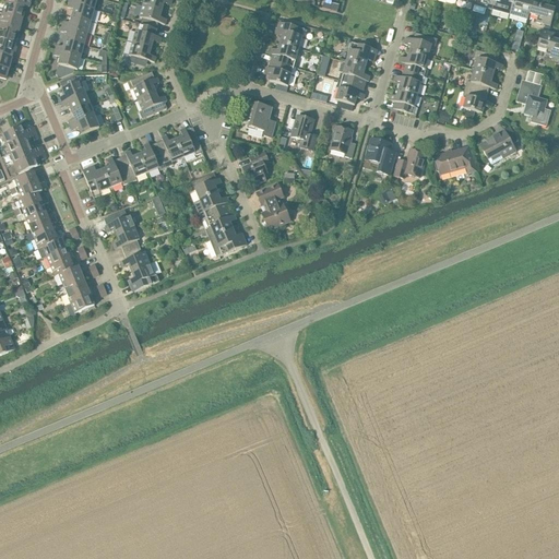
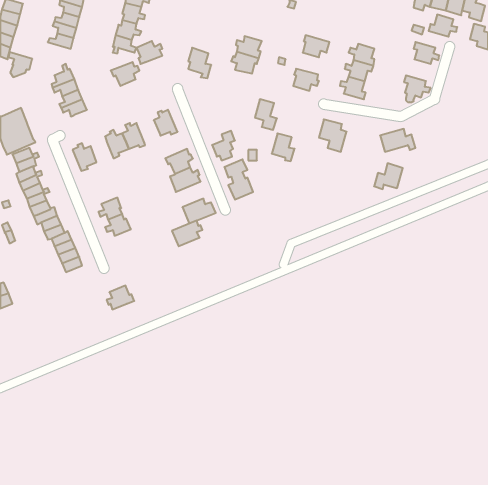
building: [275,20,307,47] -> none
building: [404,31,437,56] -> none
building: [53,48,81,76] -> [8,52,32,77]
building: [338,60,370,85] -> none
building: [464,68,497,93] -> [429,15,457,37]
building: [515,79,550,124] -> none
building: [138,91,167,117] -> [137,41,162,64]
building: [249,100,275,135] -> [188,48,211,78]
building: [330,124,356,156] -> [272,133,295,161]
building: [479,124,518,164] -> none
building: [156,134,183,166] -> none
building: [394,147,427,177] -> [374,163,403,189]
building: [104,156,130,186] -> none
building: [201,207,236,237] -> [172,220,202,246]
building: [104,209,134,234] -> none
building: [128,262,159,289] -> [107,286,134,309]

